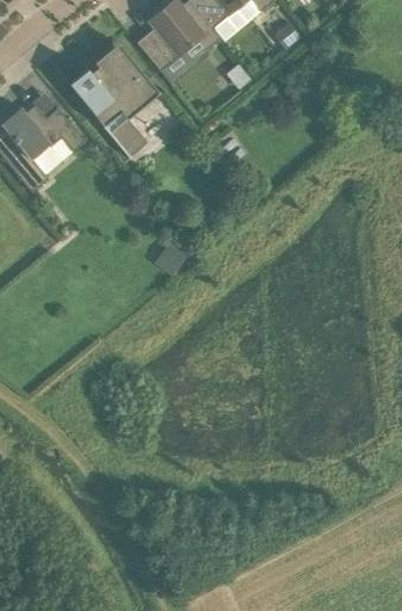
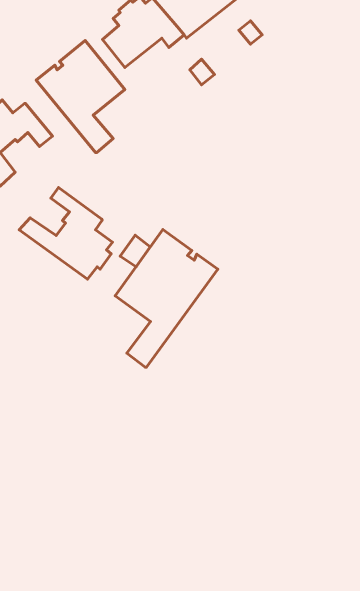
building: none -> [19,188,113,279]
building: none -> [115,230,218,367]

